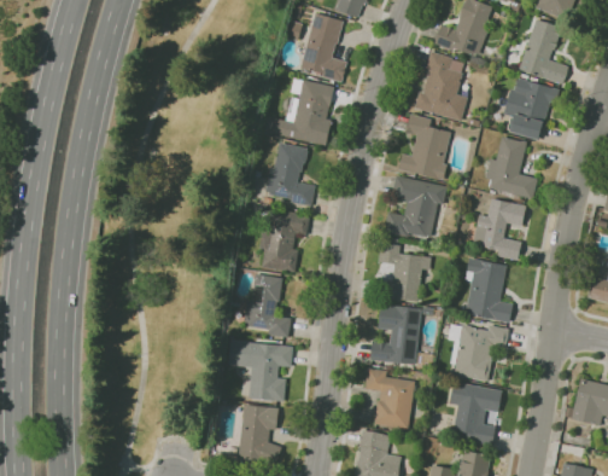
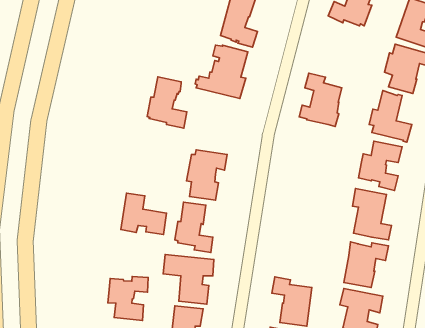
building: [414,51,467,121] -> none
building: [265,141,315,205] -> [147,77,187,128]
building: [384,175,448,237] -> none
building: [378,242,431,301] -> none
building: none -> [121,193,167,234]
building: [369,303,437,368] -> none
building: none -> [108,276,148,320]

